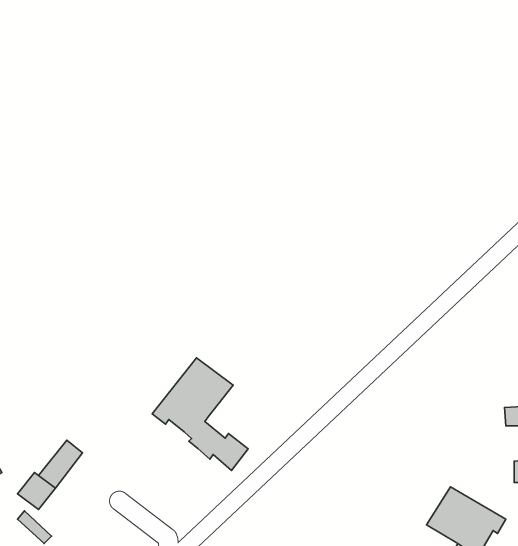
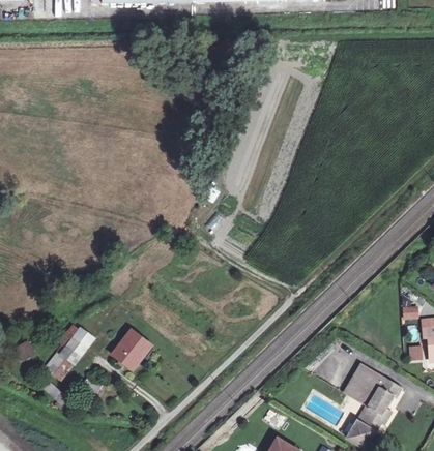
building: [152,358,248,471] -> none
building: none -> [112,329,150,368]

